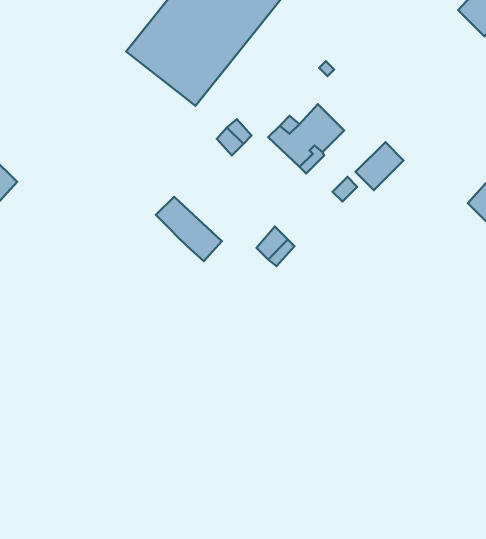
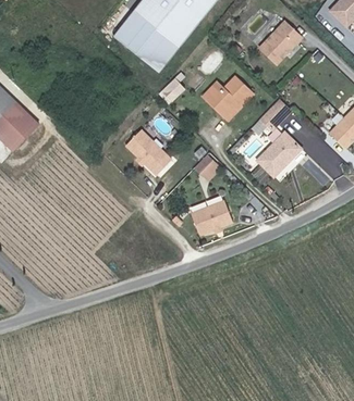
building: none -> [265,24,307,66]
building: none -> [258,131,302,175]
building: none -> [192,199,234,235]

